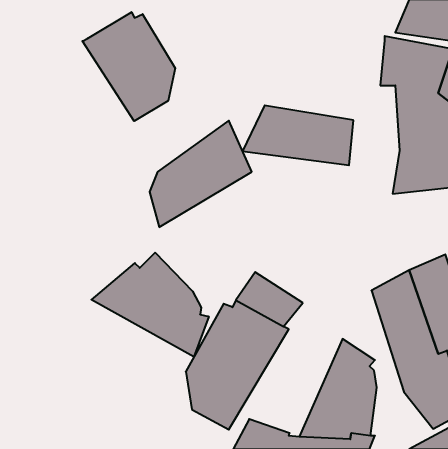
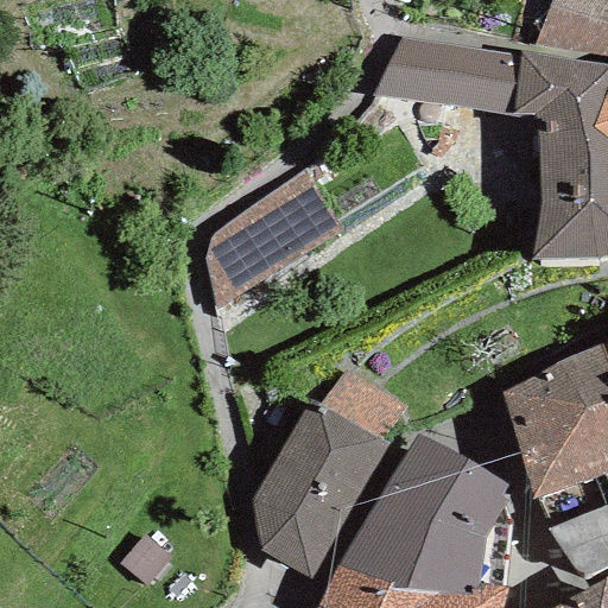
building: [82,12,175,121] -> none
building: [243,105,353,165] -> [372,34,521,115]
building: [91,253,209,357] -> none
building: none -> [338,435,464,589]

